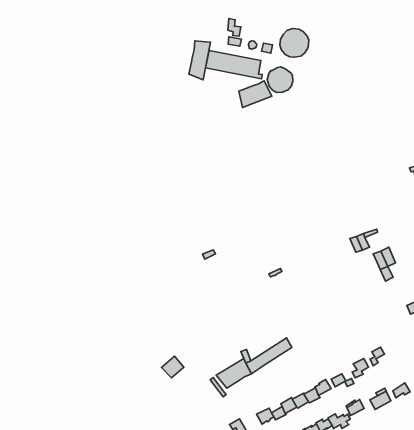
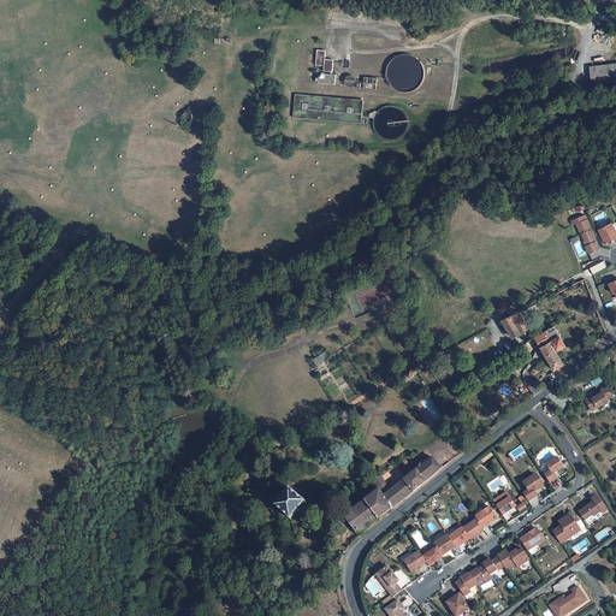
building: [189,41,211,80] -> none
building: [239,81,272,107] -> none

